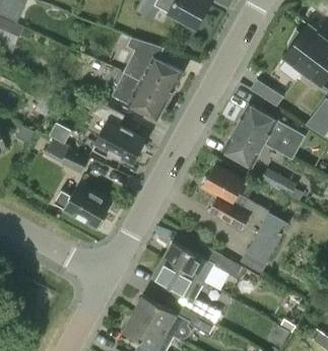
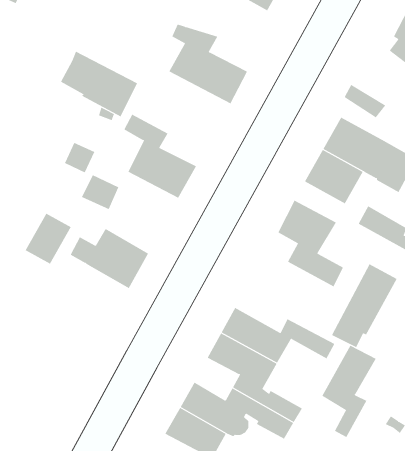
building: [114,73,170,121] -> [60,51,138,117]
building: none -> [25,213,72,265]
building: none -> [322,345,377,438]

